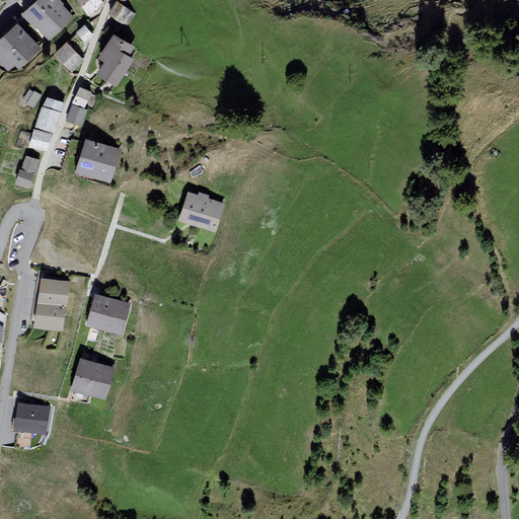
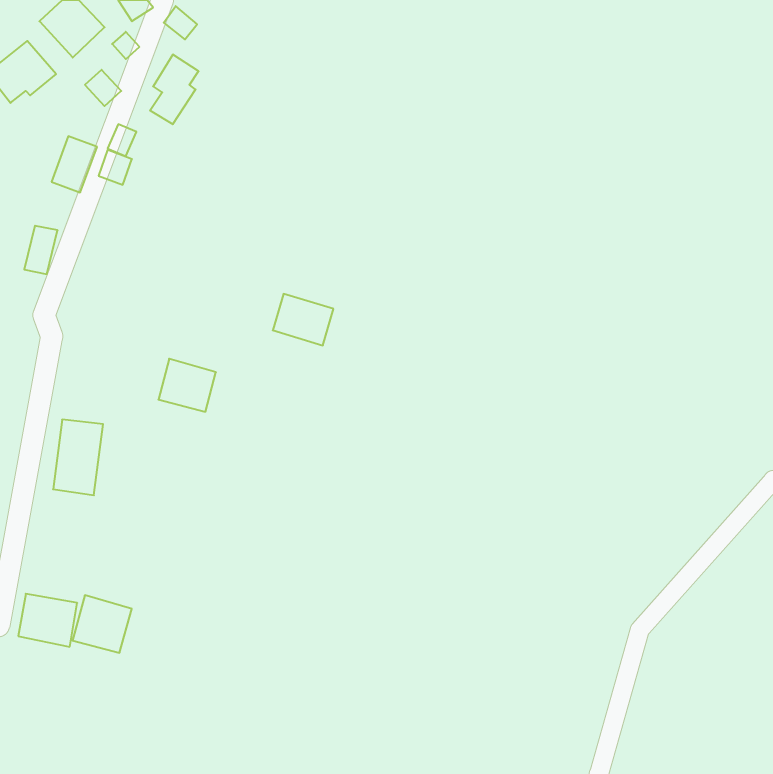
building: [27,124,53,147] -> none
building: [76,142,118,183] -> none
building: [90,297,129,332] -> [158,359,216,412]
building: [73,360,113,398] -> [73,595,132,653]

